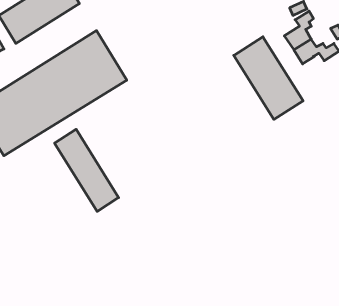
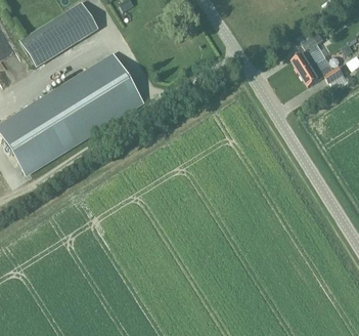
building: [234,37,303,119] -> none
building: [55,129,119,211] -> none

